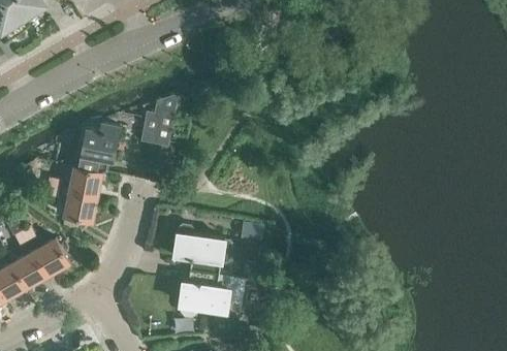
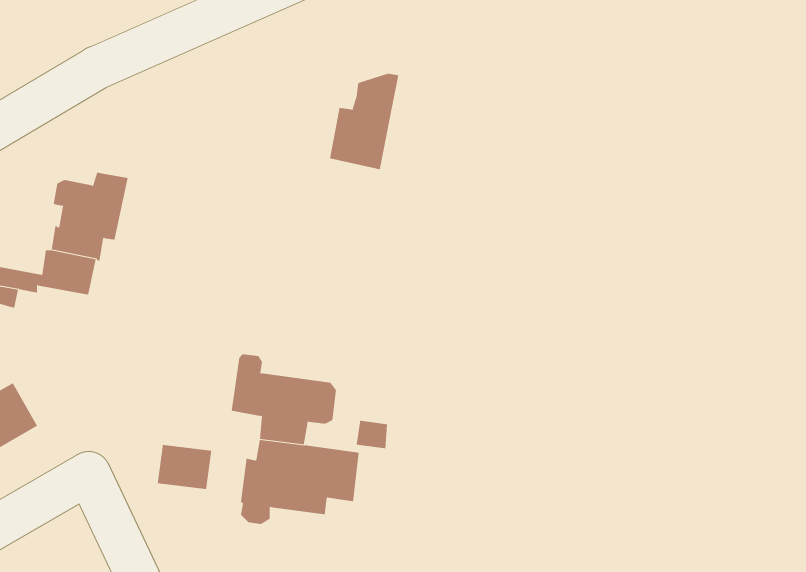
building: [138,96,177,149] -> [329,73,399,170]
building: [63,188,96,222] -> none
building: none -> [157,444,212,490]

